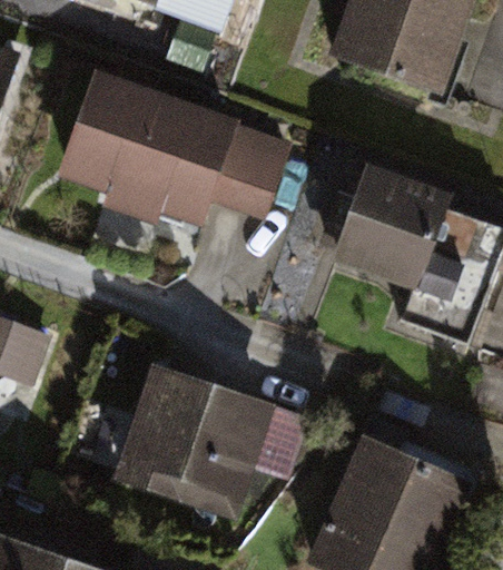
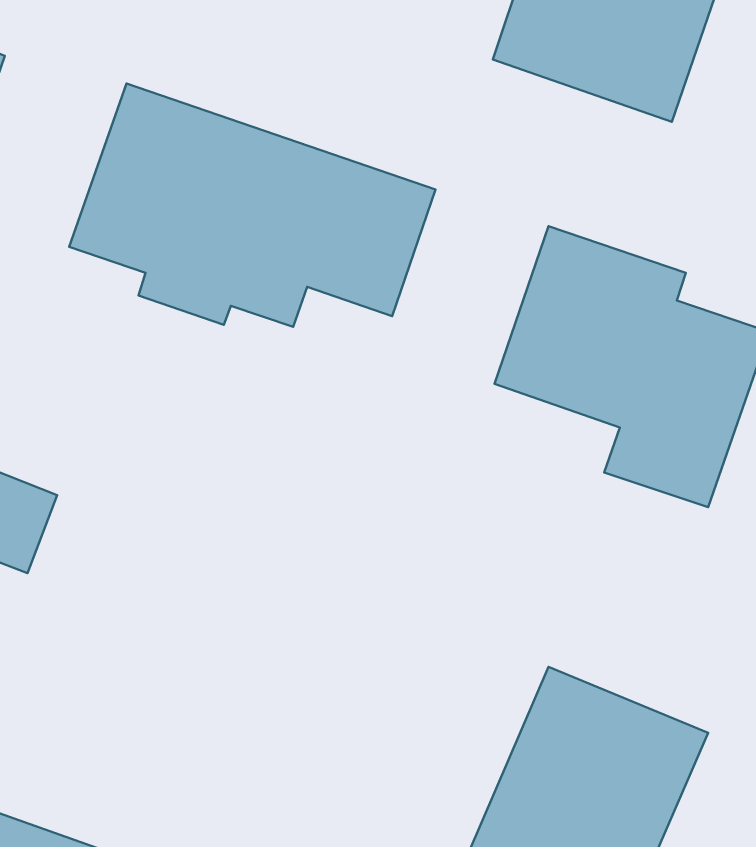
building: [111,361,310,521] -> none

